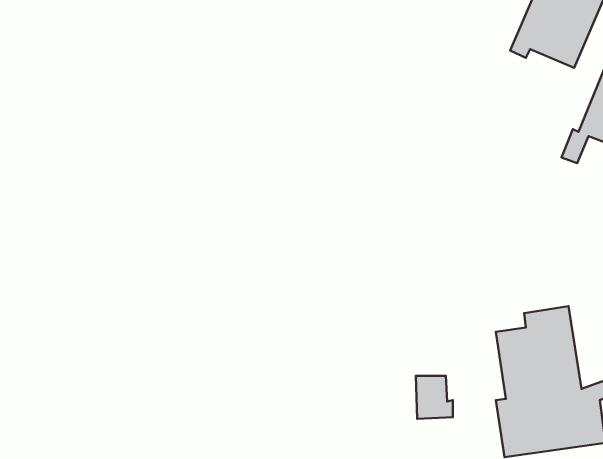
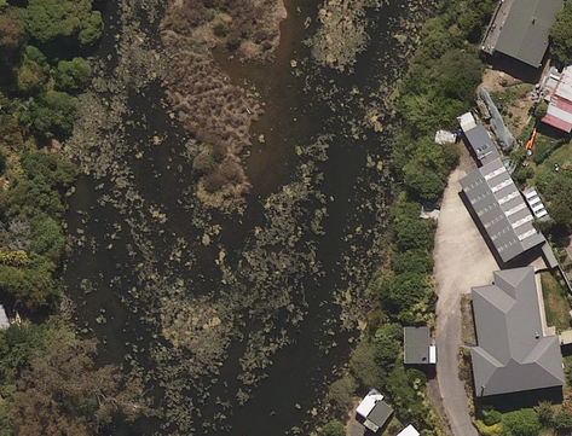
building: none -> [455,109,543,262]

